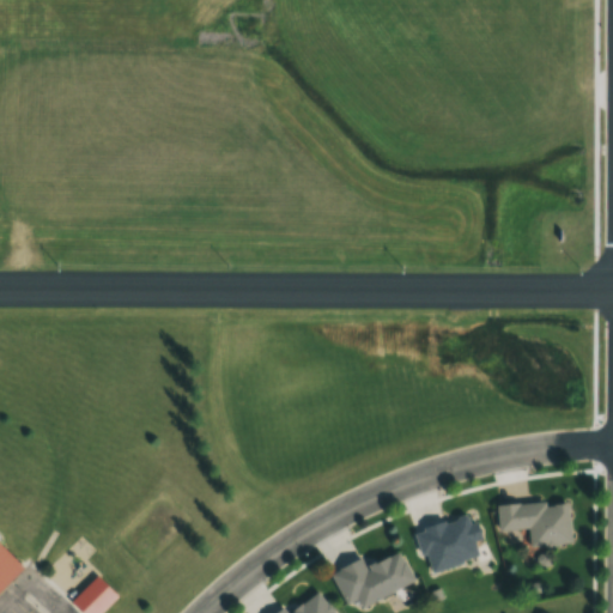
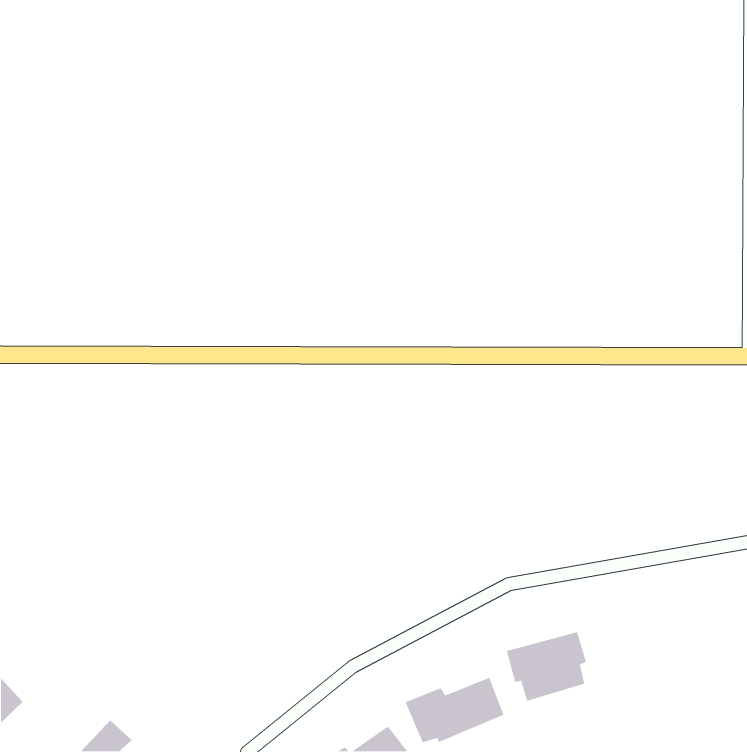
building: [498,500,572,546] -> none

